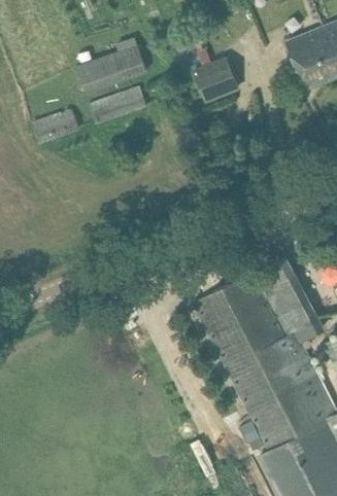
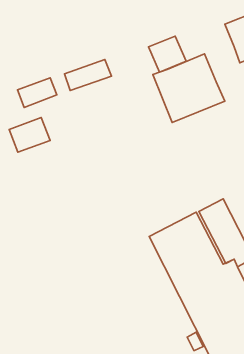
building: [72,37,144,93] -> none
building: none -> [153,54,225,123]
building: none -> [9,118,50,152]

